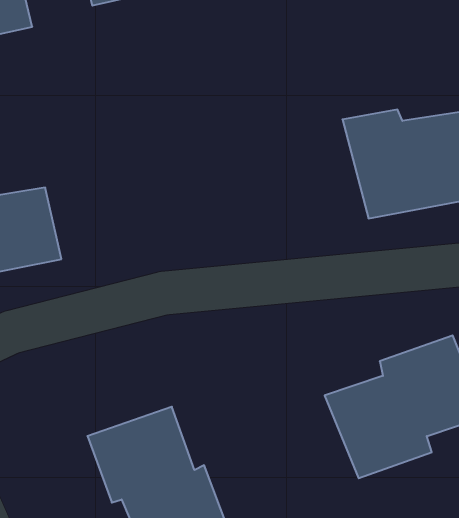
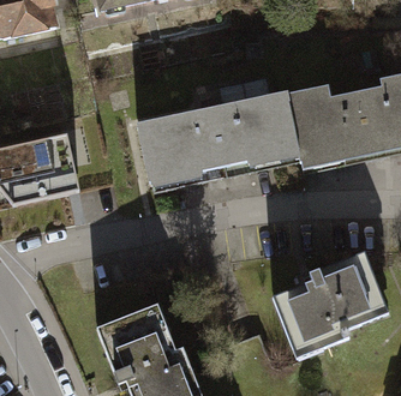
building: none -> [144,92,307,190]

